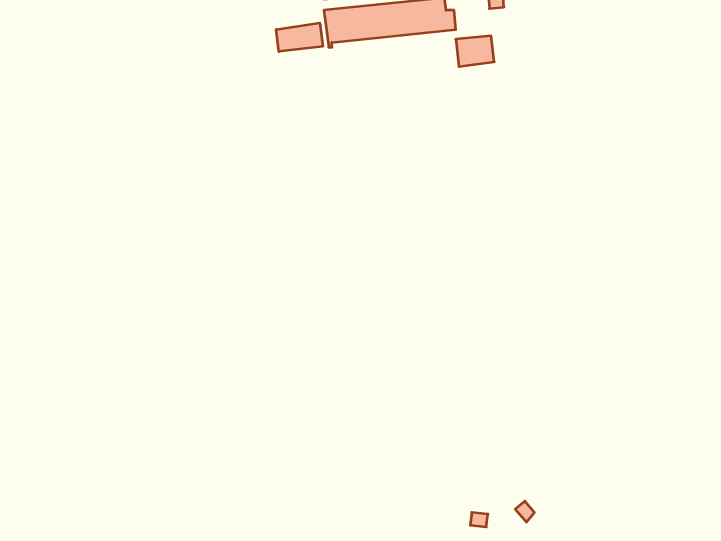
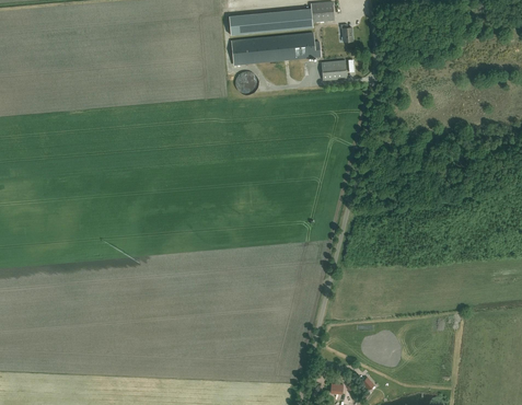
building: [276,23,323,52] -> none

